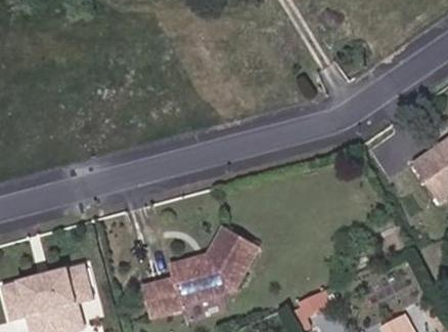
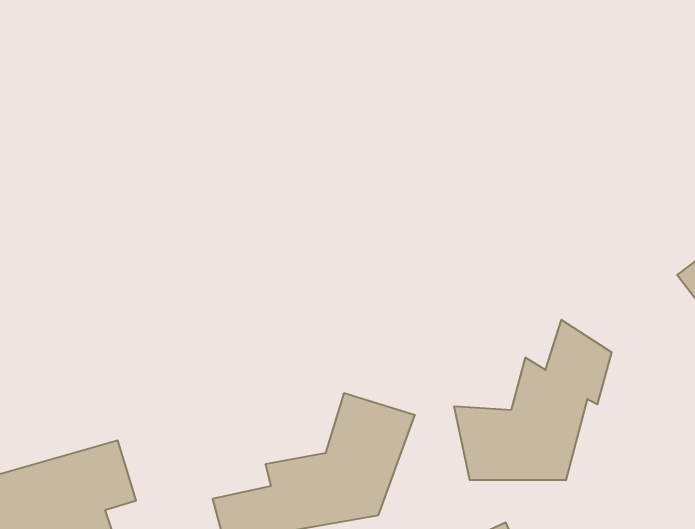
building: none -> [454,320,611,480]

